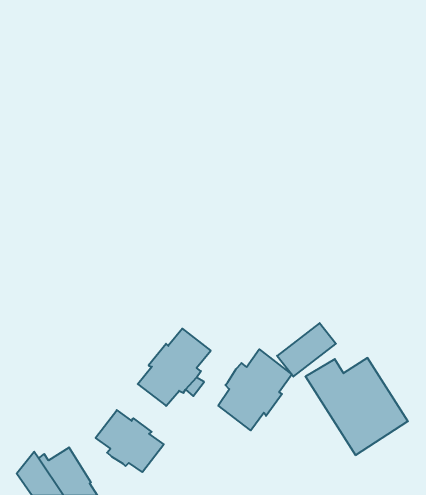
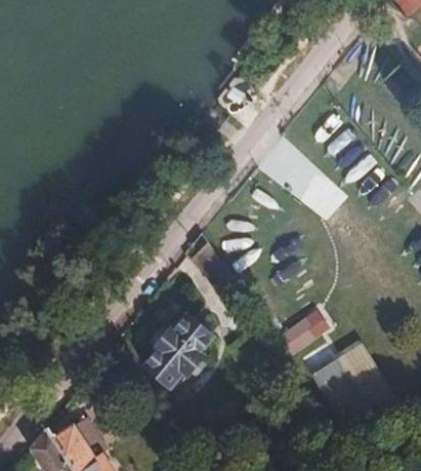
building: [218,349,292,430] -> none
building: [96,410,164,472] -> none

